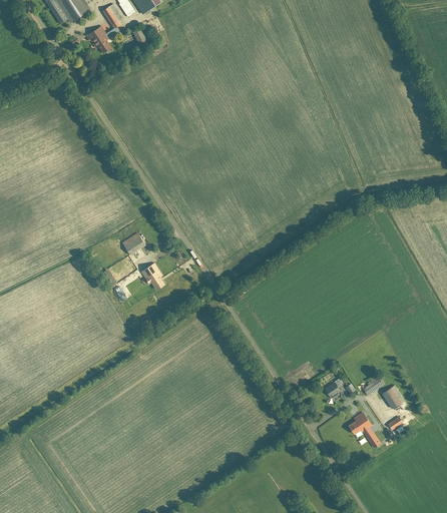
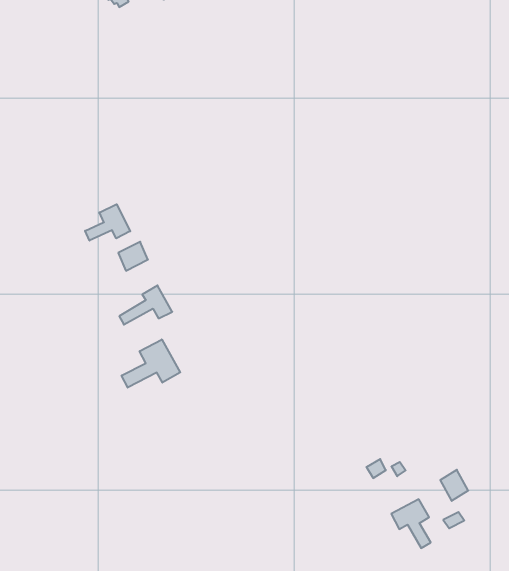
building: none -> [85,204,130,241]
building: none -> [122,339,180,388]

